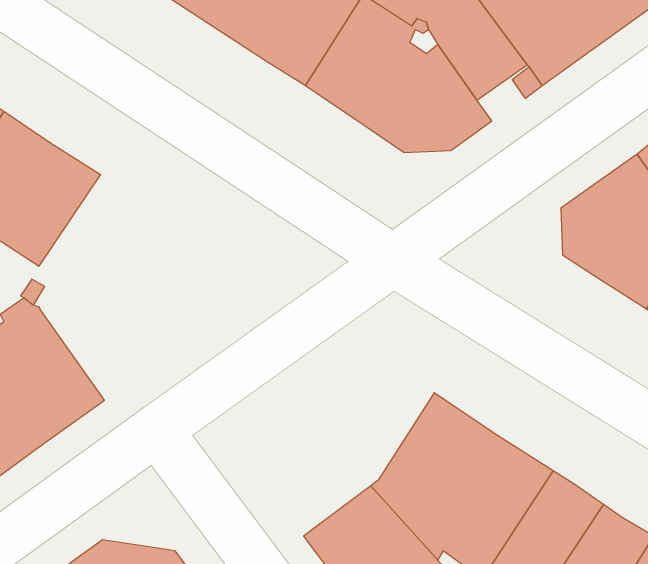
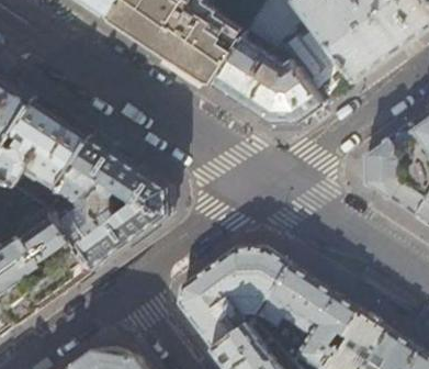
building: none -> [52,135,166,268]
building: none -> [173,247,284,348]

